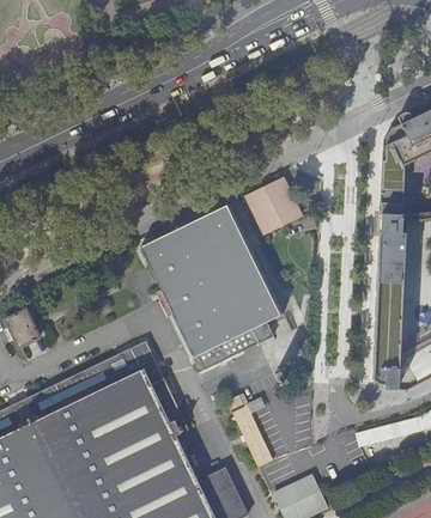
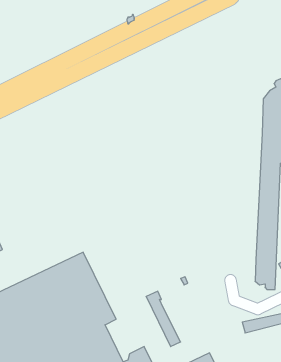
building: [249,181,299,231] -> none
building: [141,203,284,368] -> none

